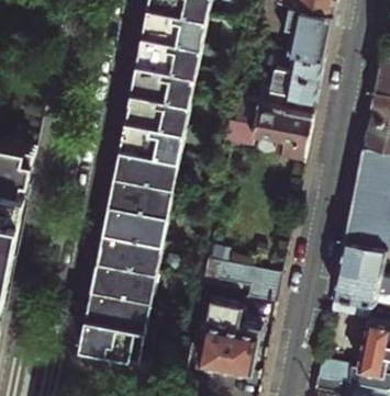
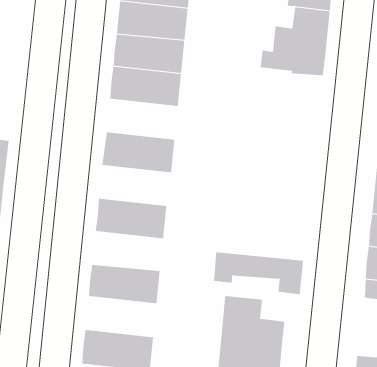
building: [224,98,313,160] -> none
building: [120,117,185,158] -> none
building: [108,174,174,215] -> none
building: [97,231,161,271] -> none
building: [86,287,151,328] -> none

